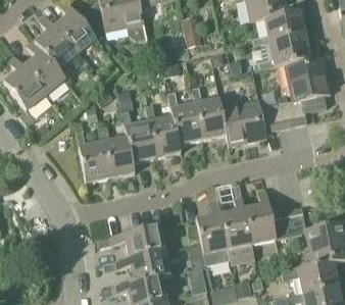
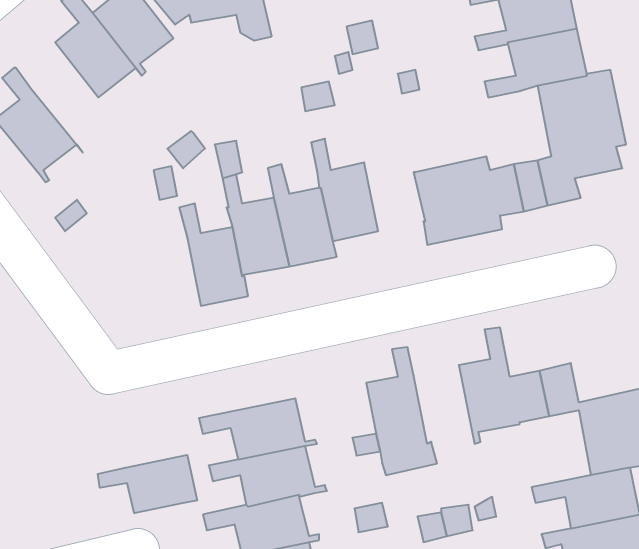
building: [22,39,65,98] -> none
building: [191,87,227,139] -> none
building: [76,130,110,183] -> none
building: [220,194,251,249] -> none
building: none -> [98,455,197,513]

